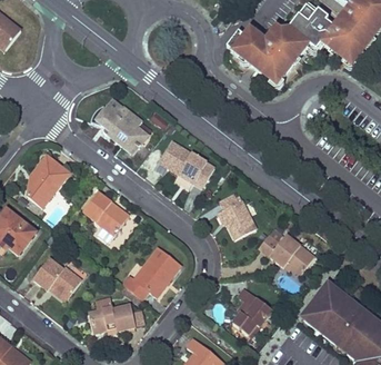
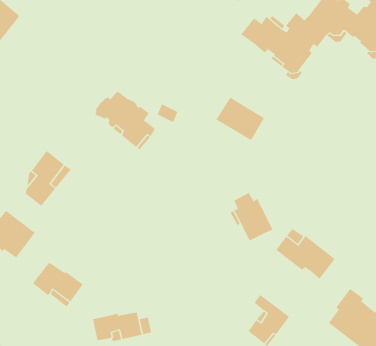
building: [168,145,213,186] -> [216,97,265,141]
building: [82,189,128,239] -> none
building: [122,245,180,296] -> none

